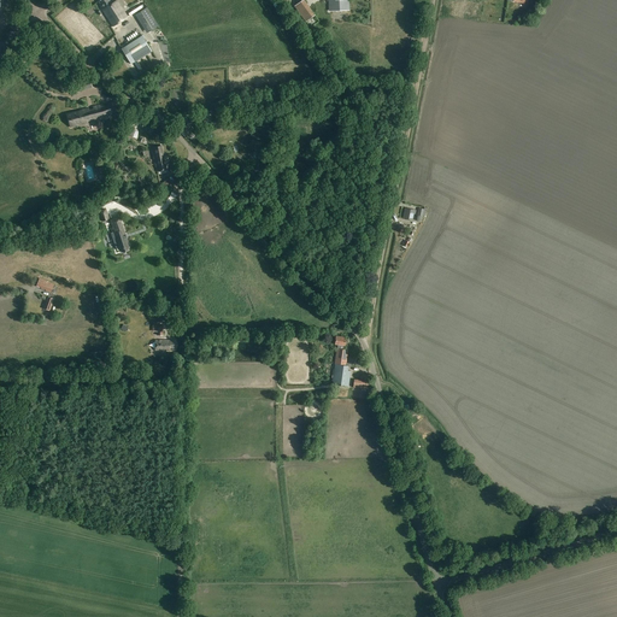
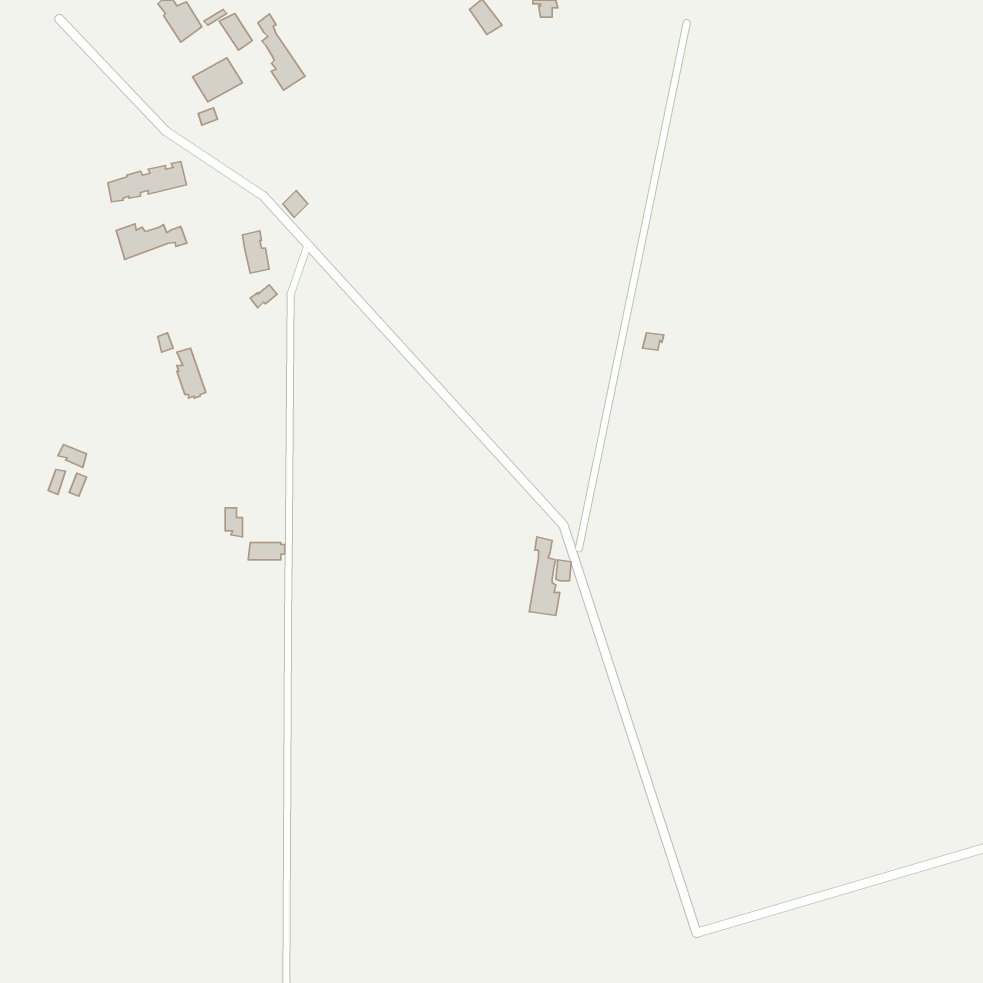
building: none -> [258,14,305,90]
building: none -> [116,224,187,259]

